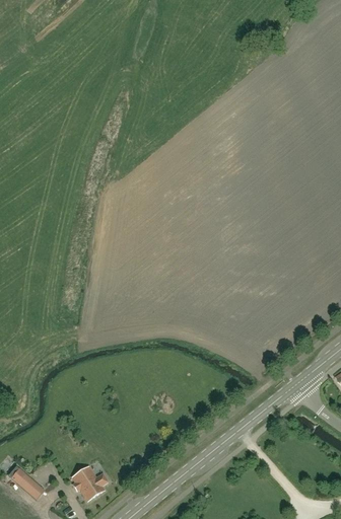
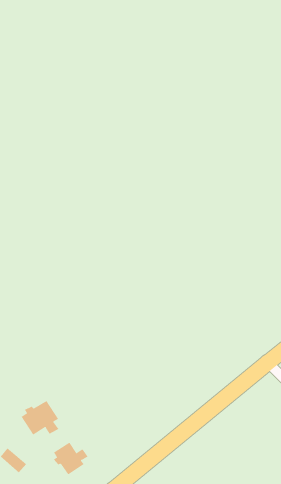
building: none -> [21,400,59,436]

